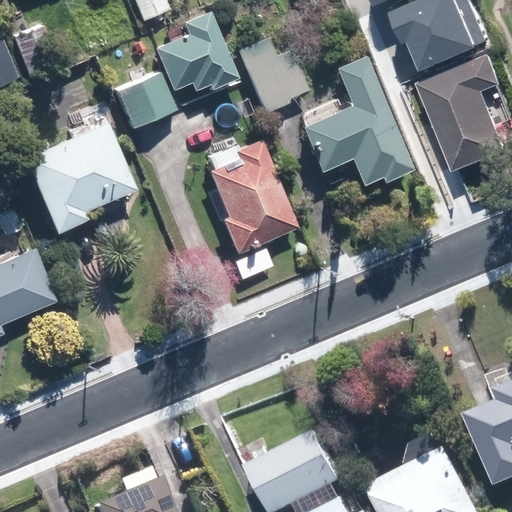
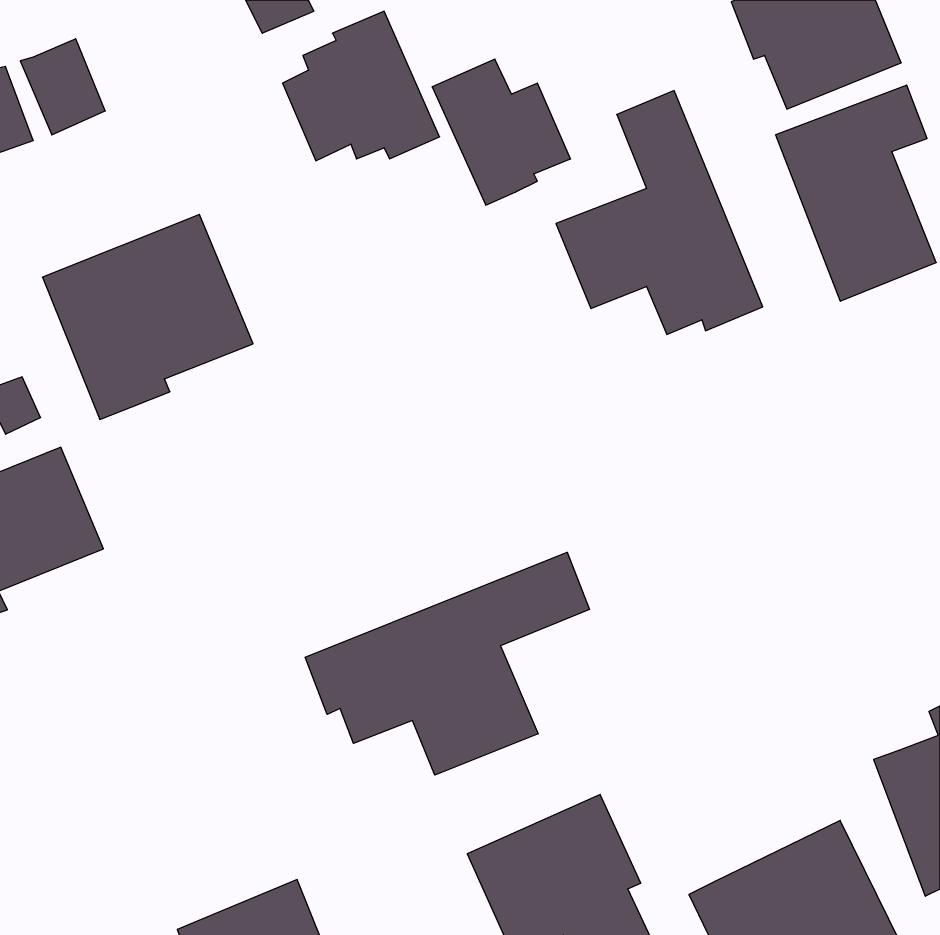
building: [114,74,175,131] -> none
building: [206,139,298,282] -> none
building: none -> [305,552,589,775]

